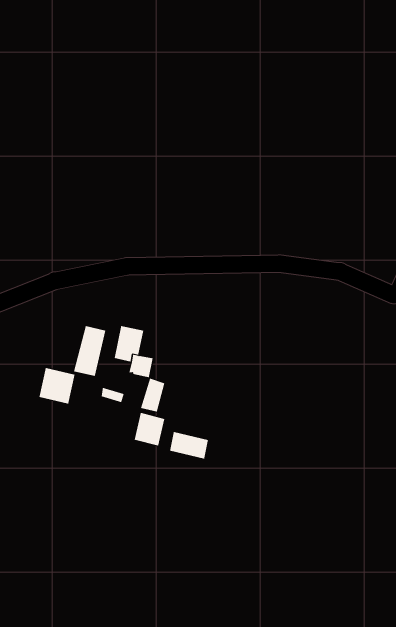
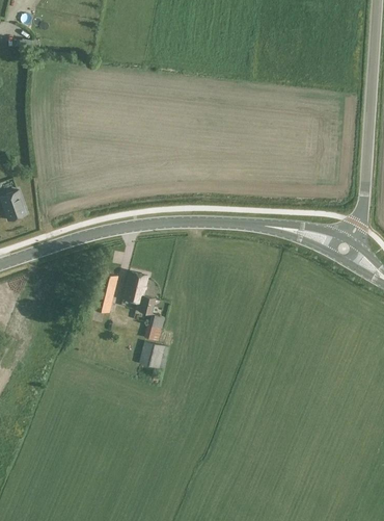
building: [39,367,75,405] -> none
building: [169,431,209,459] -> none

